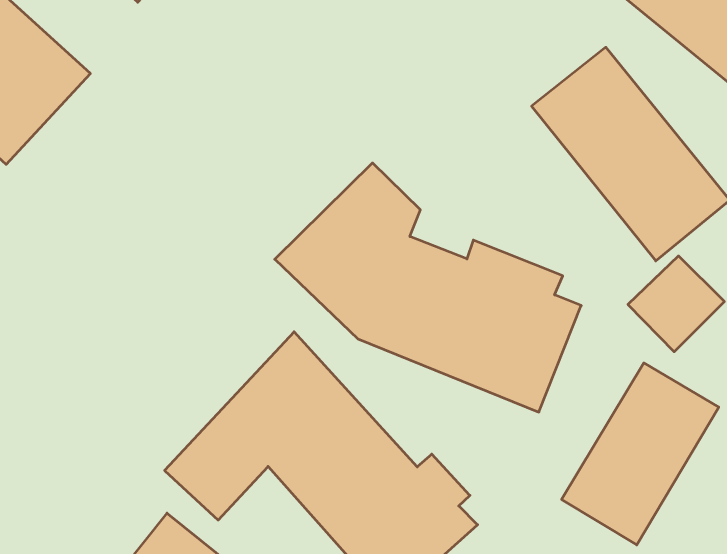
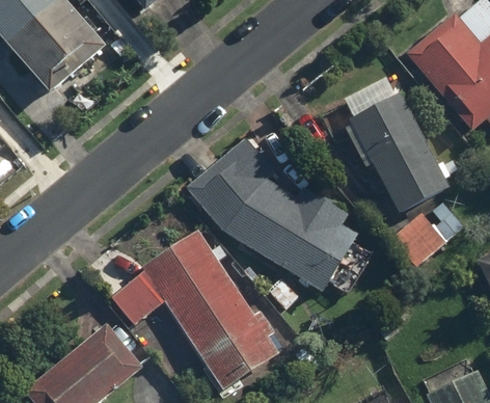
building: [562,363,719,545] -> none

